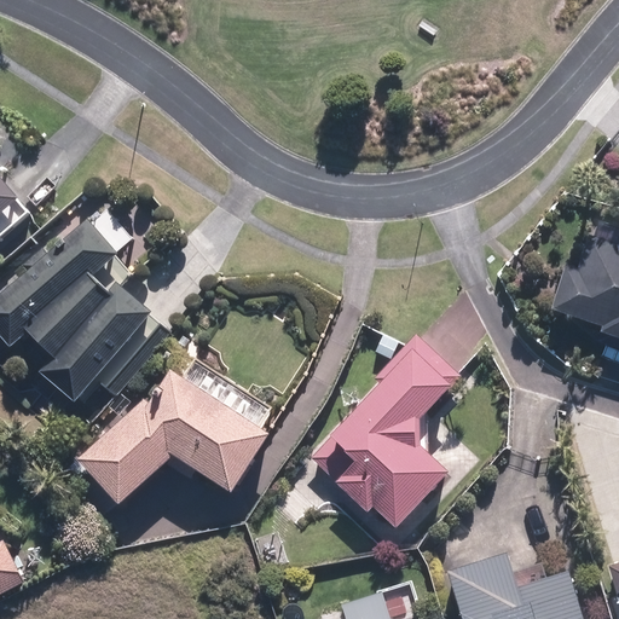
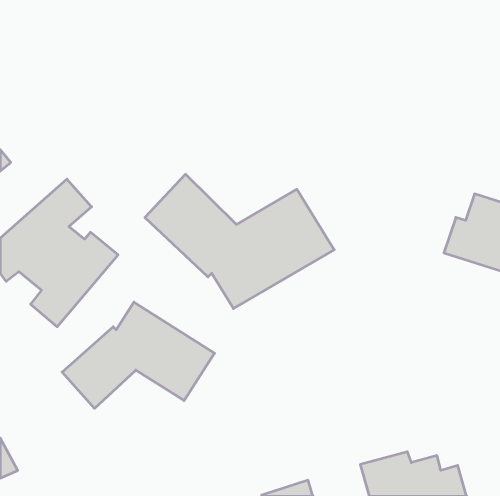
building: none -> [145,174,334,309]
building: [313,334,461,528] -> none

